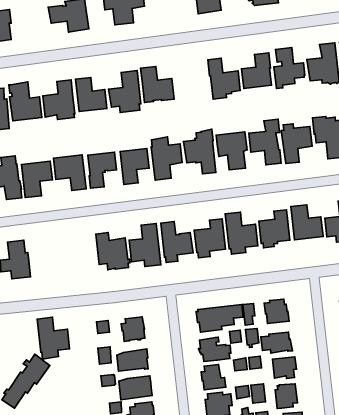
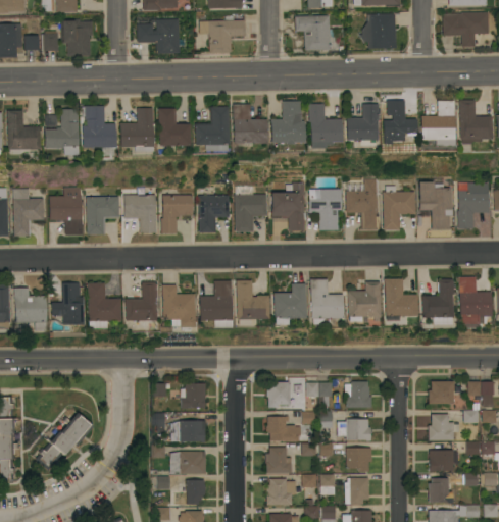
building: none -> [271,100,305,142]
building: none -> [126,281,157,328]
building: [37,317,70,359] -> [88,282,120,328]

